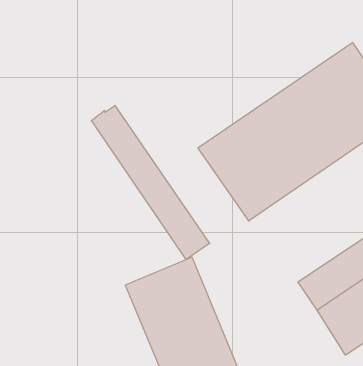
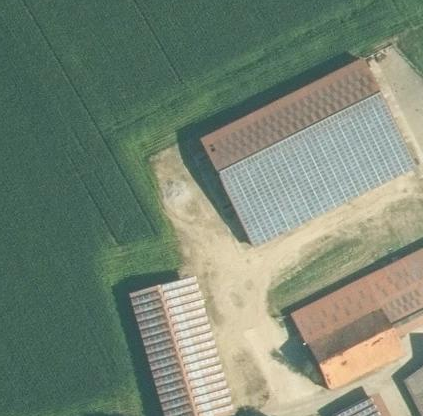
building: none -> [198,58,375,174]
building: [91,105,210,260] -> none

